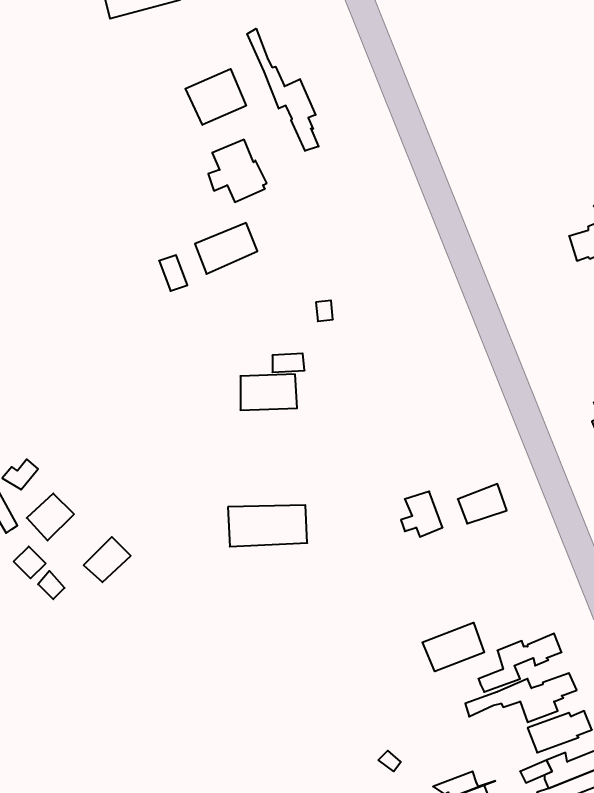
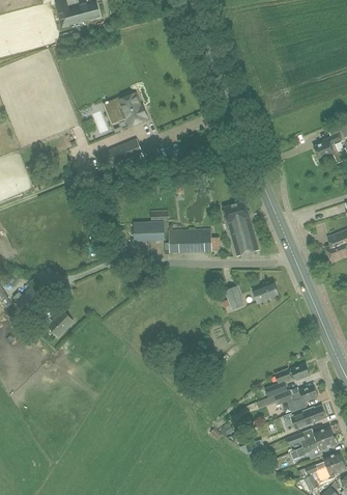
building: [247,29,319,151] -> none
building: [185,69,246,125] -> none
building: none -> [224,200,259,255]
building: [228,505,307,547] -> [169,229,212,252]
building: [422,623,484,671] -> none

